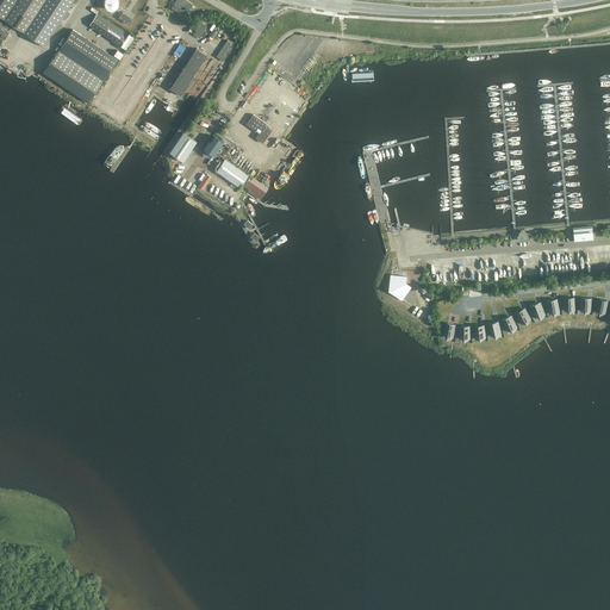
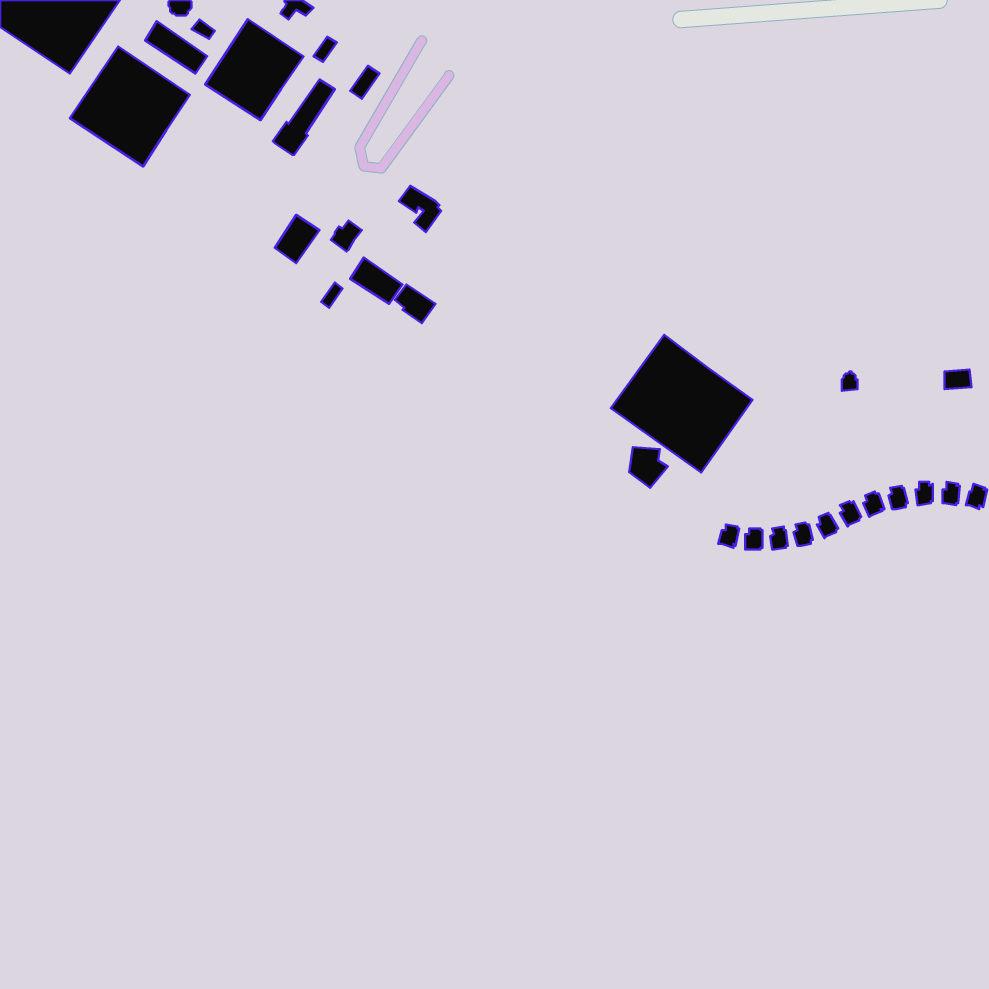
building: none -> [205,19,304,120]
building: none -> [611,335,752,473]

